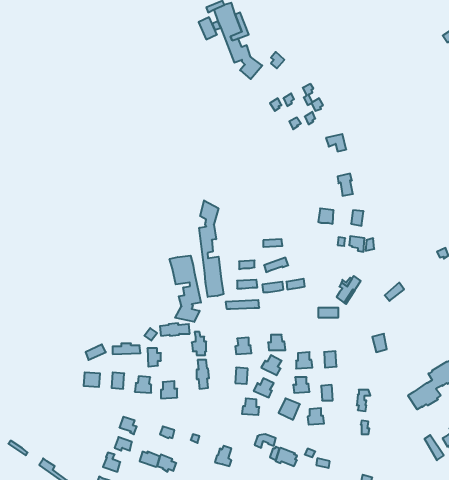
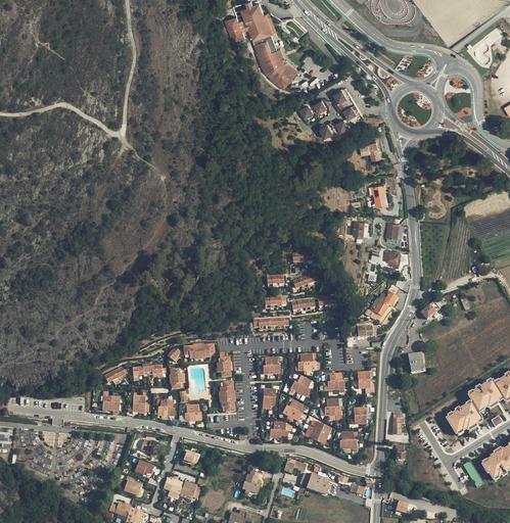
building: [199,200,224,297] -> none
building: [170,256,201,322] -> none

